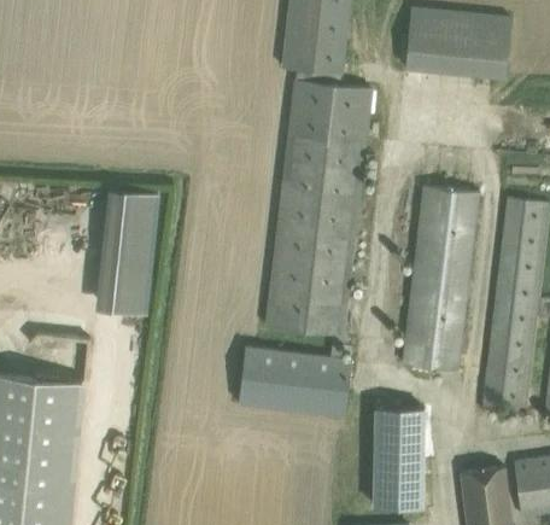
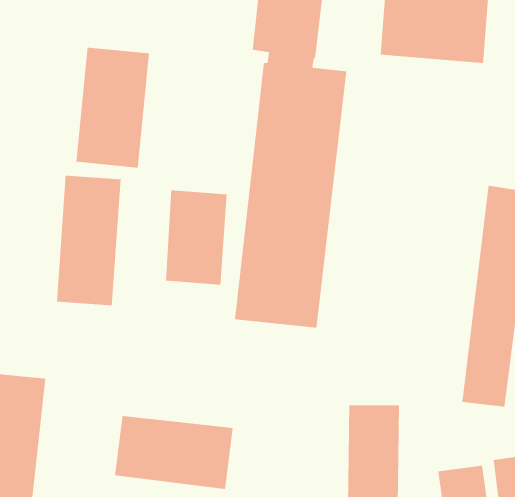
building: none -> [76,47,149,168]
building: [403,186,479,371] -> none
building: none -> [165,189,227,286]
building: [238,348,352,419] -> [114,415,233,489]

